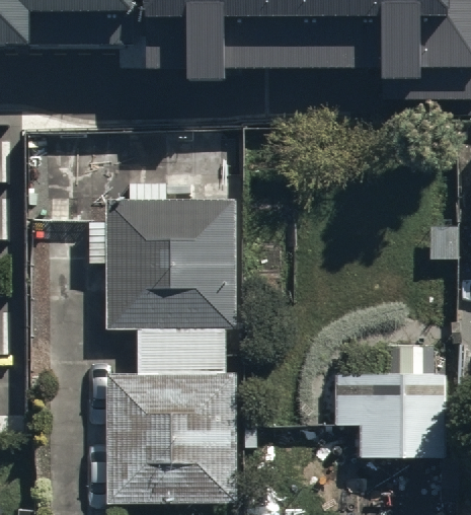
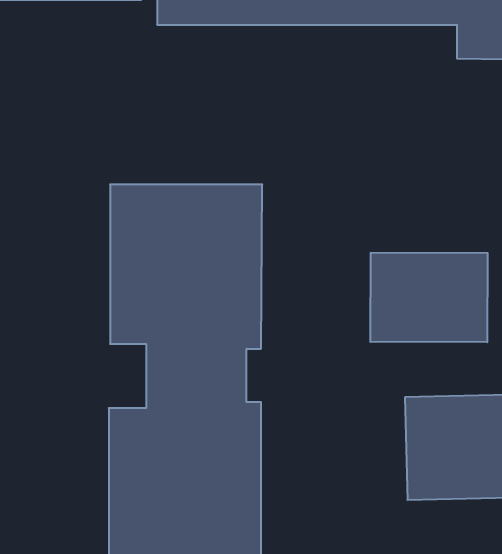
building: none -> [370,253,488,342]

